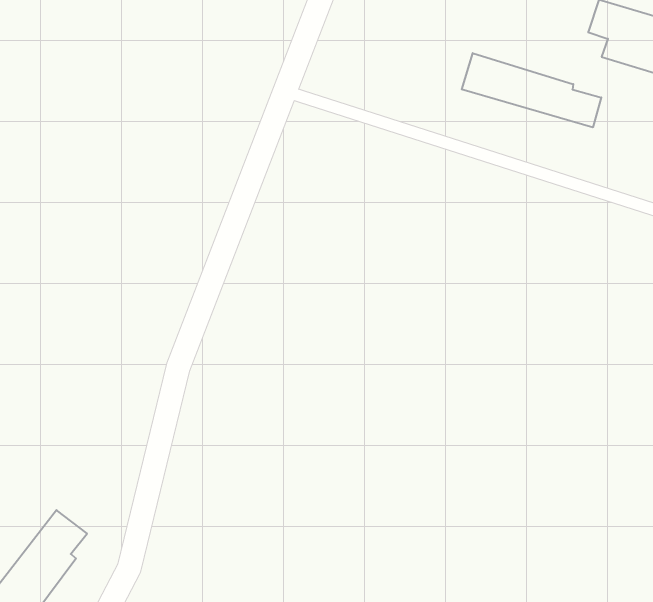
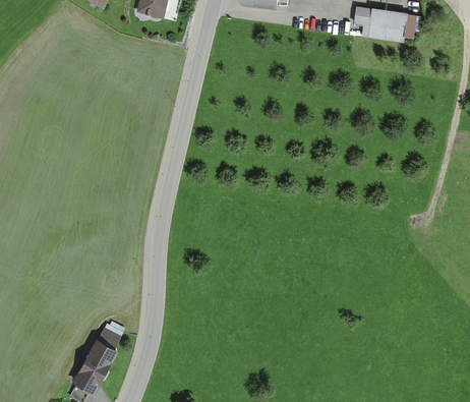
building: [462,53,601,127] -> none

